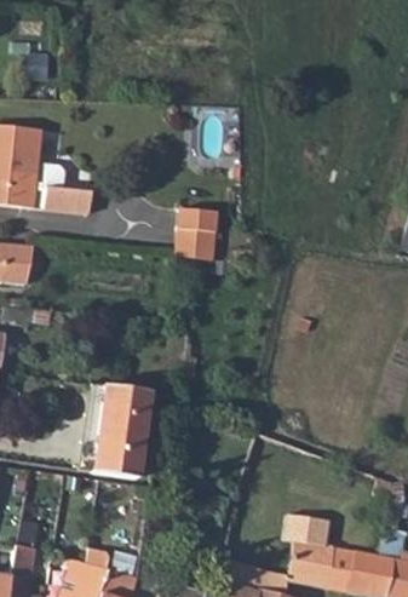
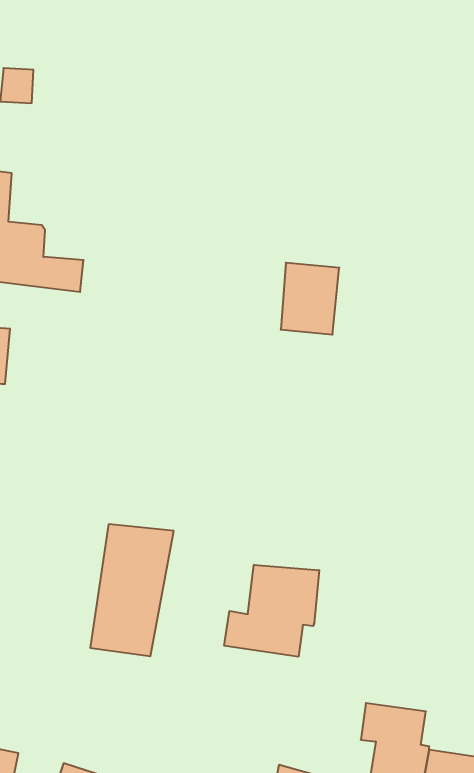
building: [168,207,211,259] -> [281,263,339,335]
building: none -> [224,565,319,657]

